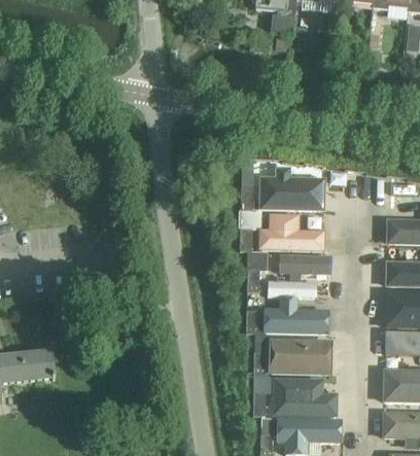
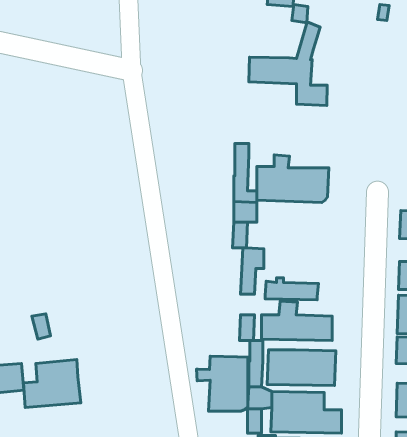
building: none -> [249,22,327,105]
building: [258,214,323,250] -> none
building: [280,255,329,279] -> none
building: none -> [196,356,248,411]
building: none -> [23,359,81,408]

